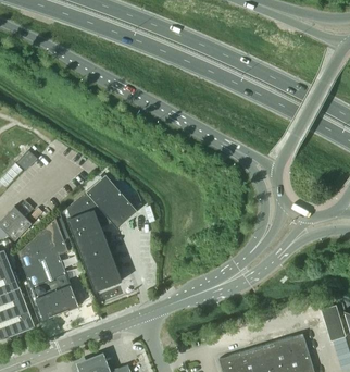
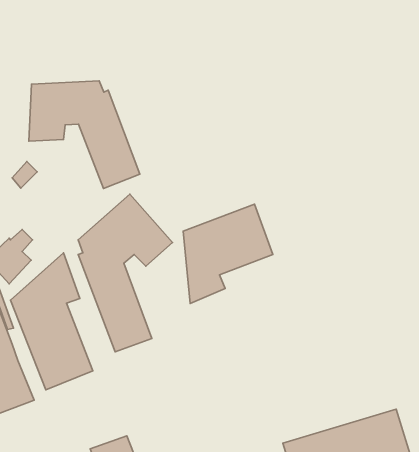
building: none -> [29,81,140,189]
building: none -> [183,204,273,303]

